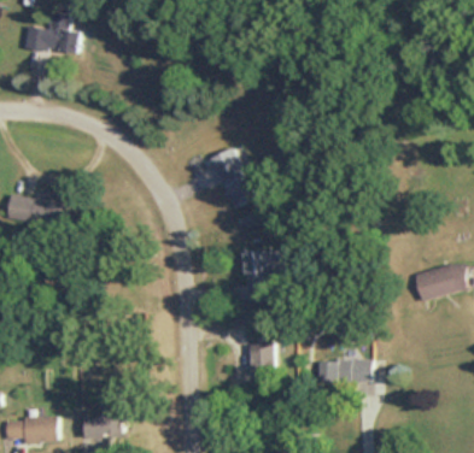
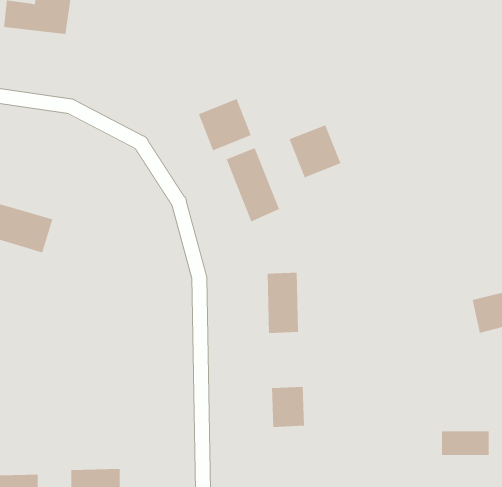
building: none -> [198,98,252,151]
building: none -> [289,124,341,178]
building: [318,360,358,381] -> [441,431,490,456]

